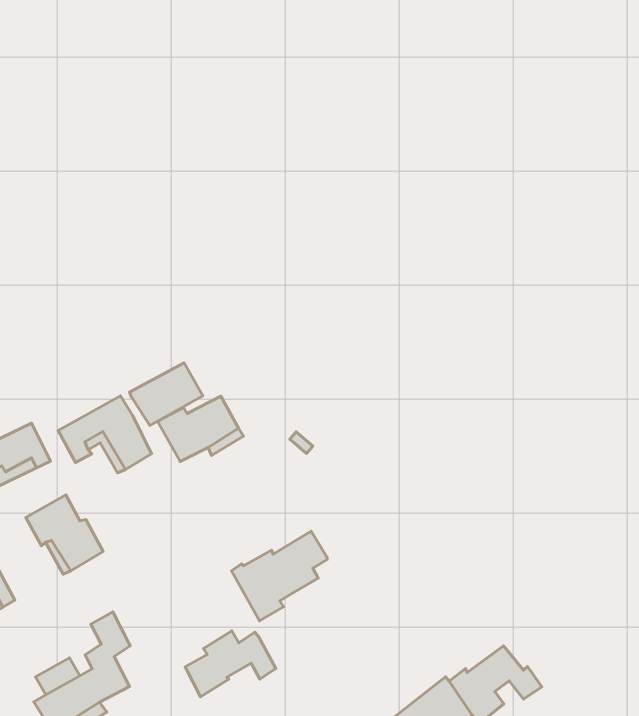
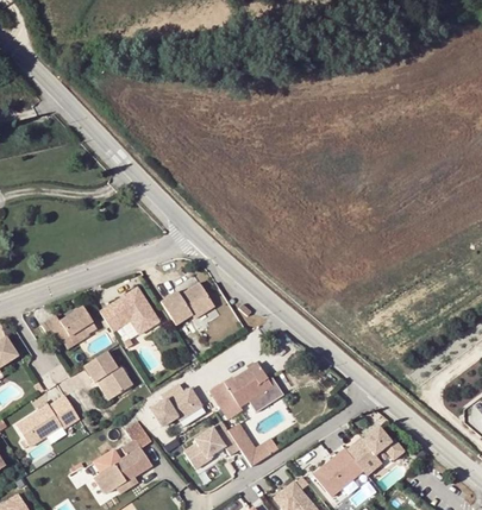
building: [129,363,203,426] -> none
building: none -> [249,376,283,413]
building: none -> [145,386,196,429]
building: none -> [229,422,280,466]

